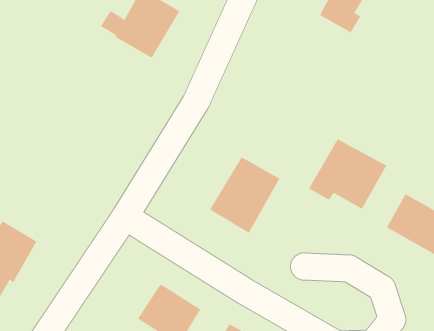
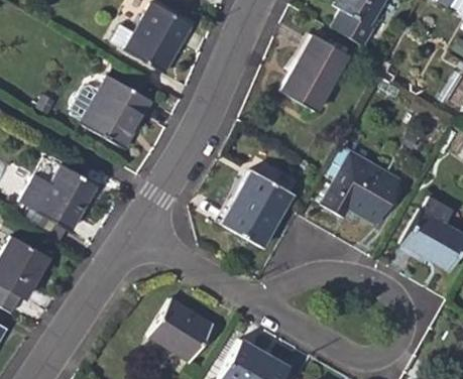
building: none -> [280,35,347,113]
building: none -> [81,76,151,149]
building: none -> [19,166,97,232]

